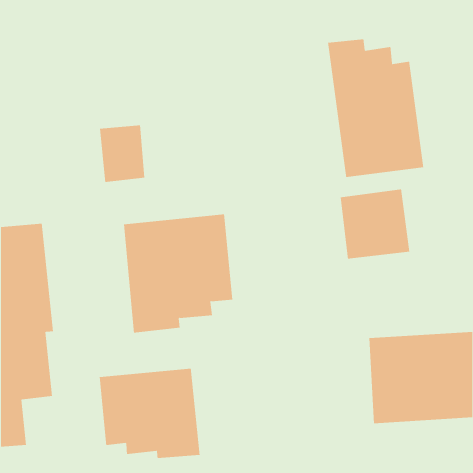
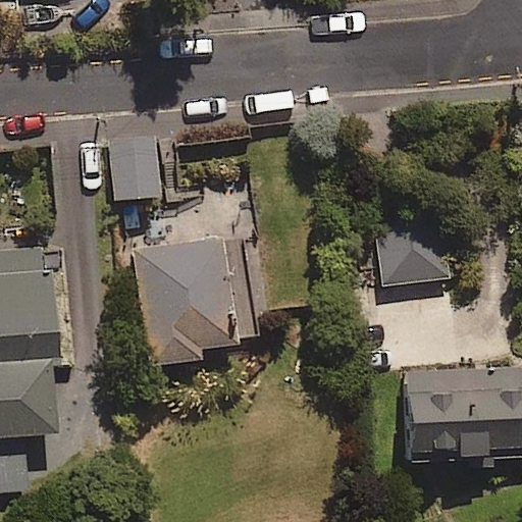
building: [327,39,424,178] -> none
building: [99,368,200,459] -> none

